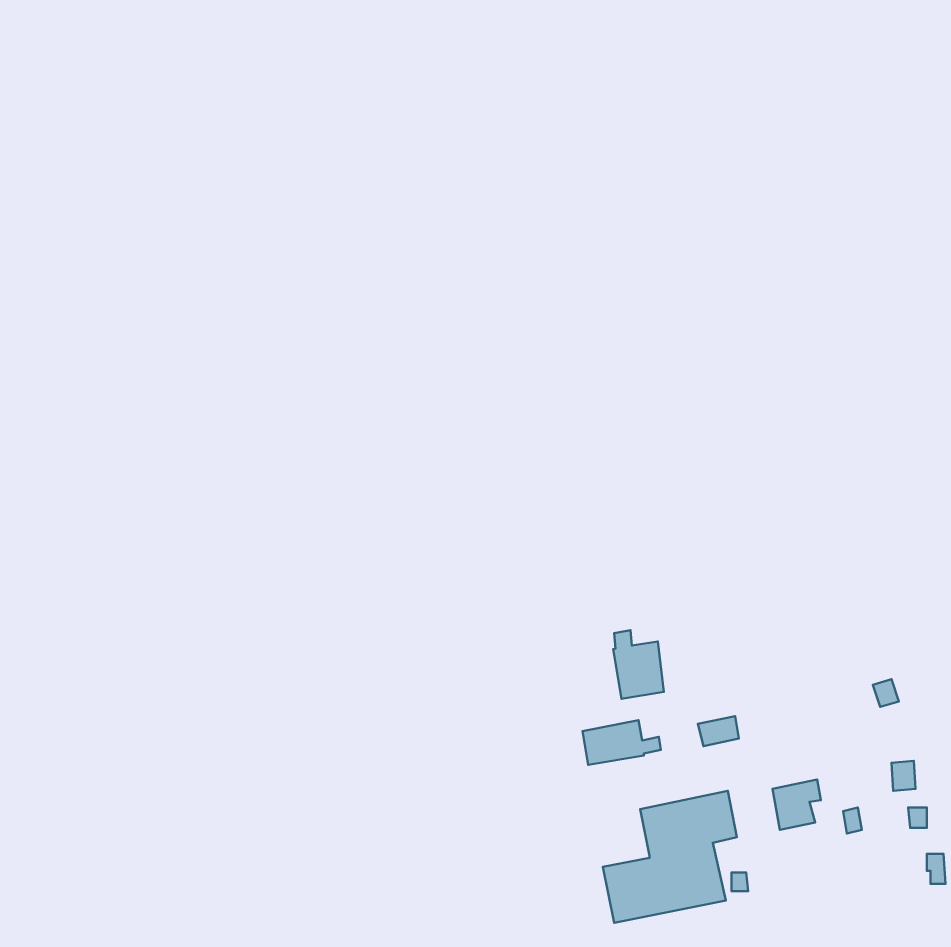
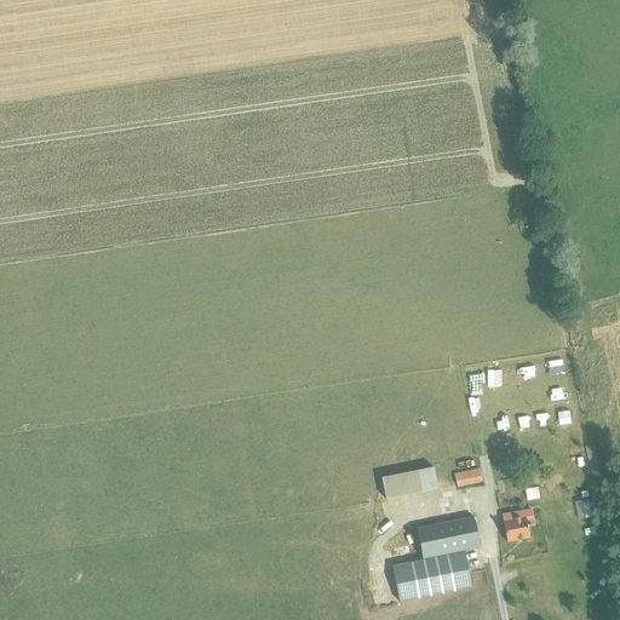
building: [613,630,664,699] -> none

